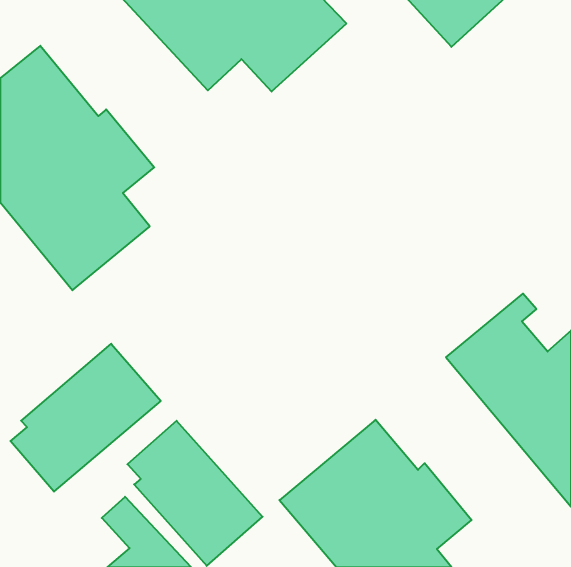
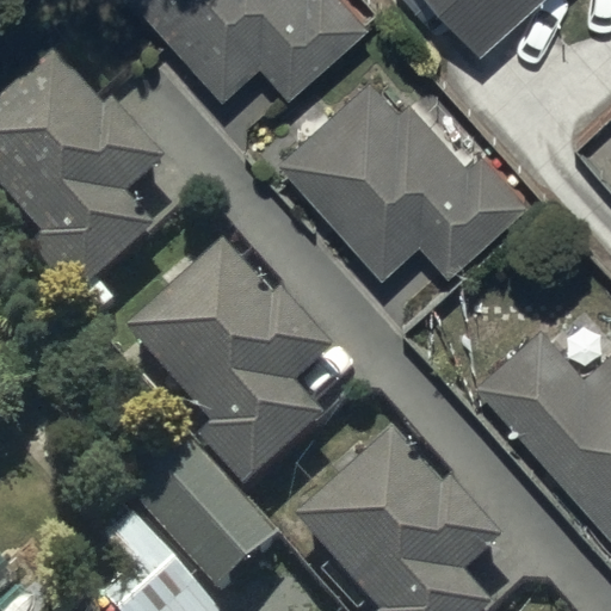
building: none -> [282,84,530,278]
building: none -> [132,259,340,504]
building: [10,344,161,492] -> none

